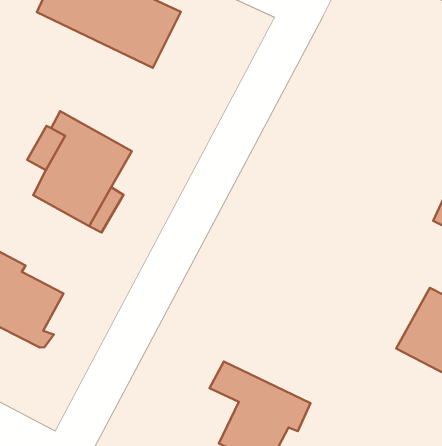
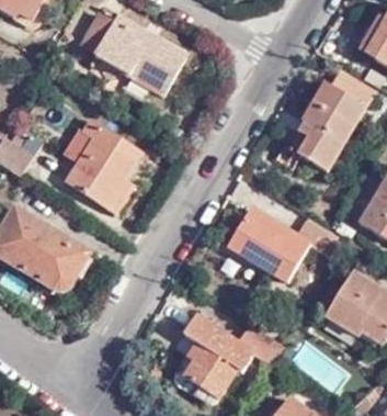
building: none -> [298,72,373,171]
building: none -> [227,206,344,280]

